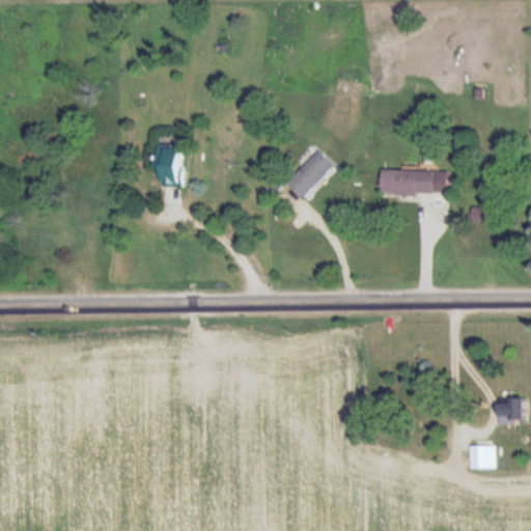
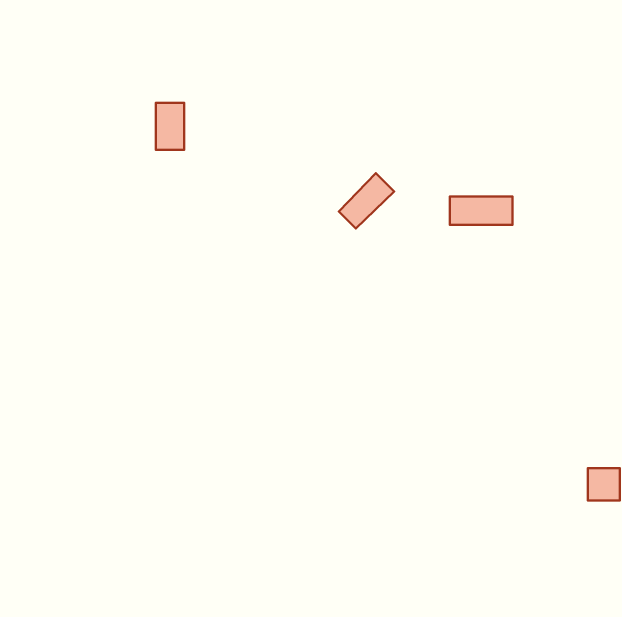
building: [159,146,183,186] -> [156,103,184,150]
building: [470,445,490,468] -> none

